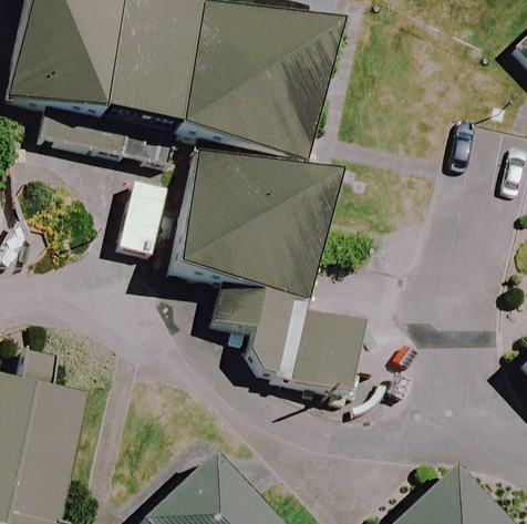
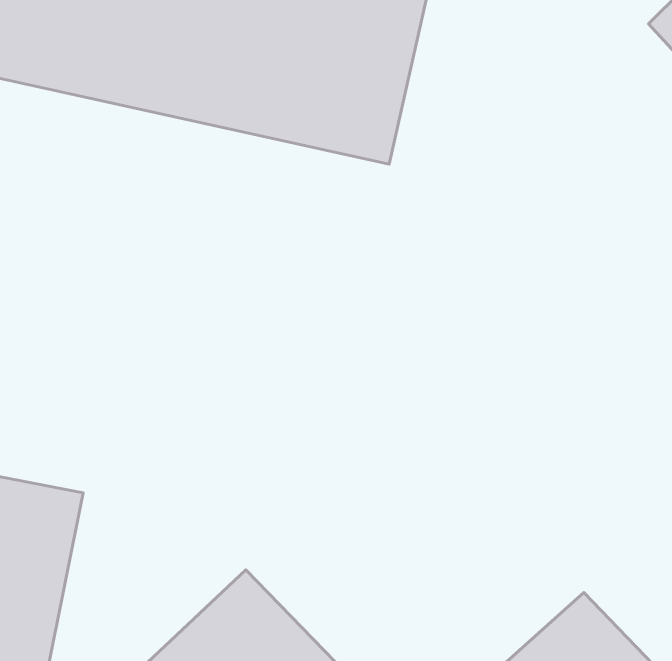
building: [178,148,339,295] -> none
building: [238,295,363,403] -> none

